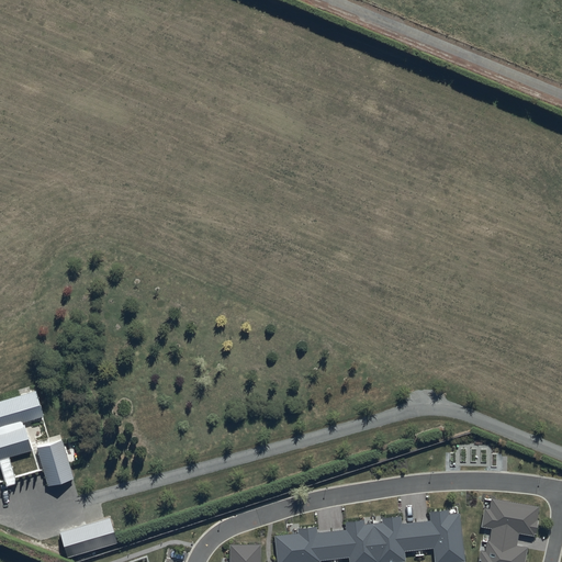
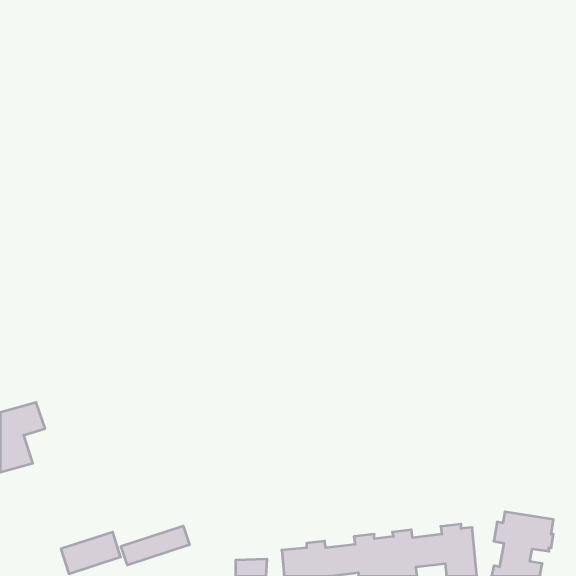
building: [36,442,74,487] -> none
building: none -> [121,526,189,565]

